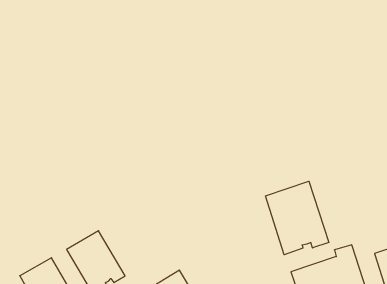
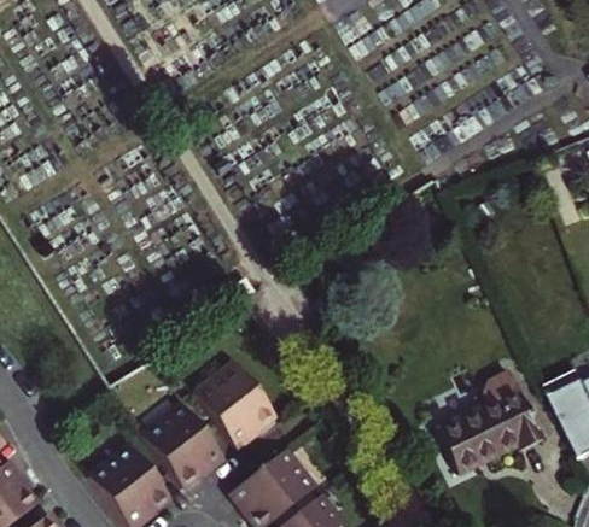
building: [265,181,329,255] -> none
building: none -> [193,364,272,449]

